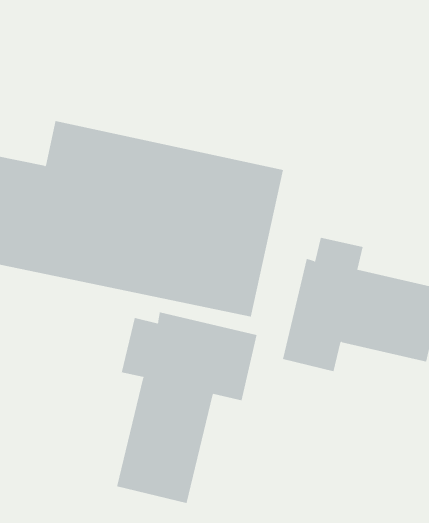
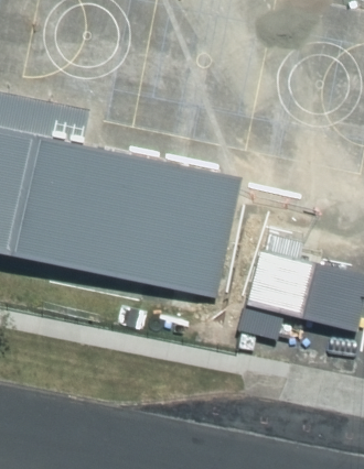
building: [117,312,257,504] -> none

